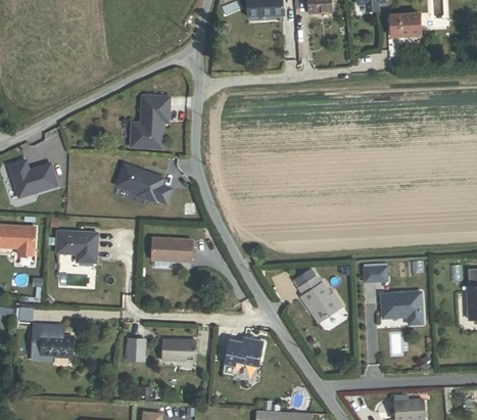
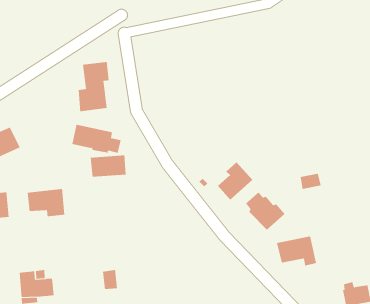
building: none -> [217,162,253,201]
building: [152,241,193,267] -> [90,155,126,177]
building: [380,289,422,322] -> [276,236,317,266]
building: [228,337,266,367] -> none
building: [162,339,198,361] -> none

